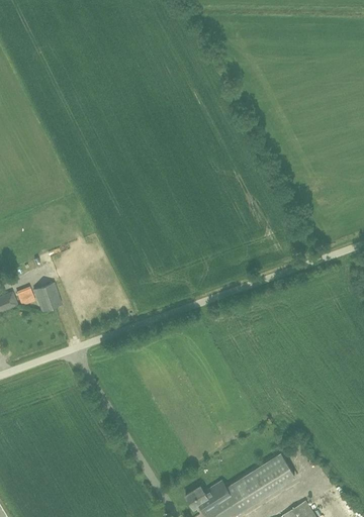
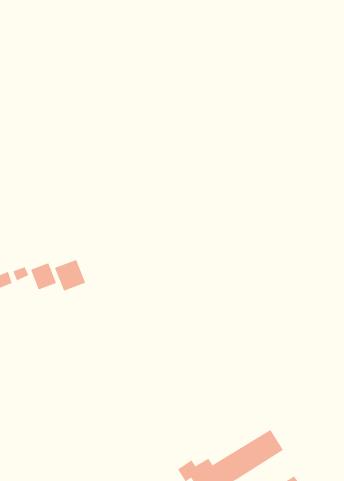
building: none -> [54,259,86,292]

